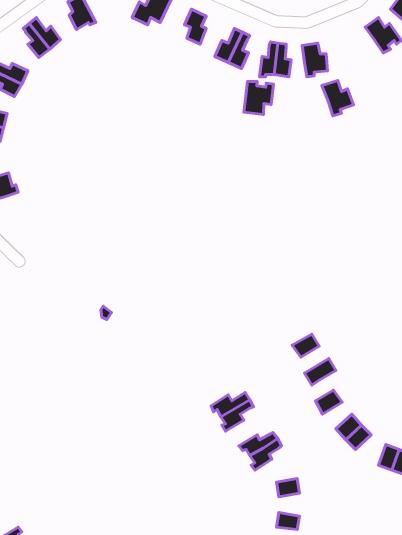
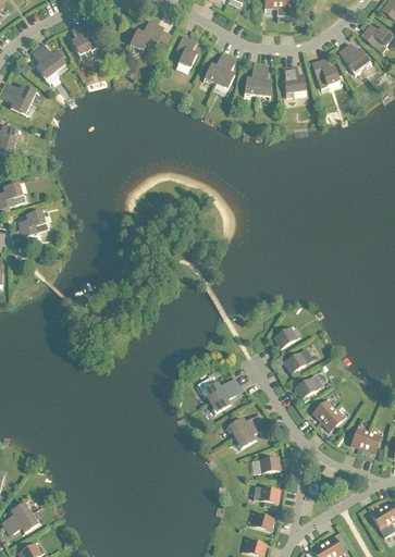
building: [322,80,354,116] -> [311,59,340,90]
building: [244,82,274,115] -> none
building: none -> [17,210,50,236]

